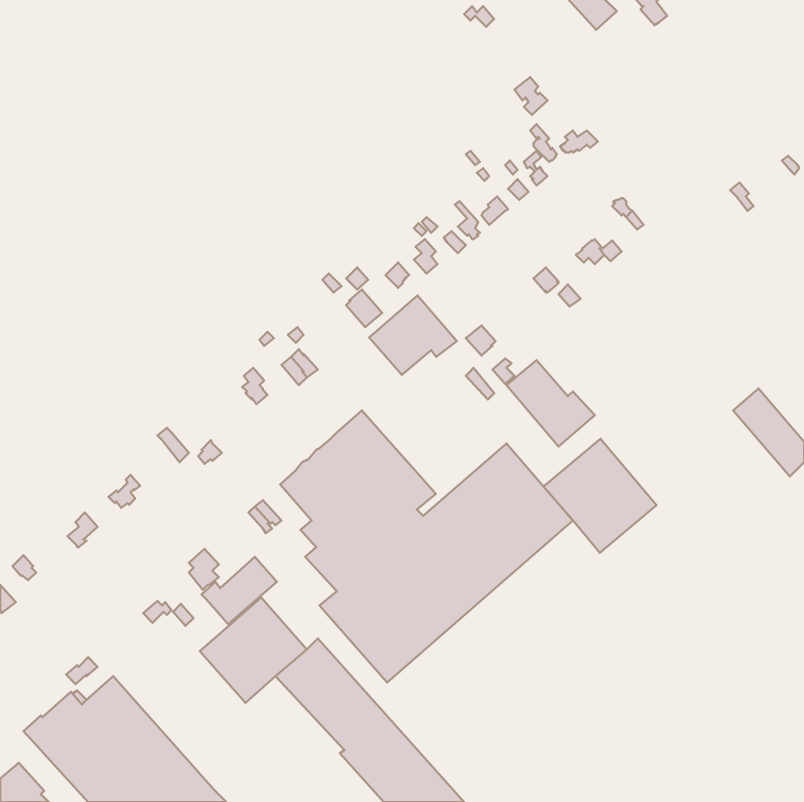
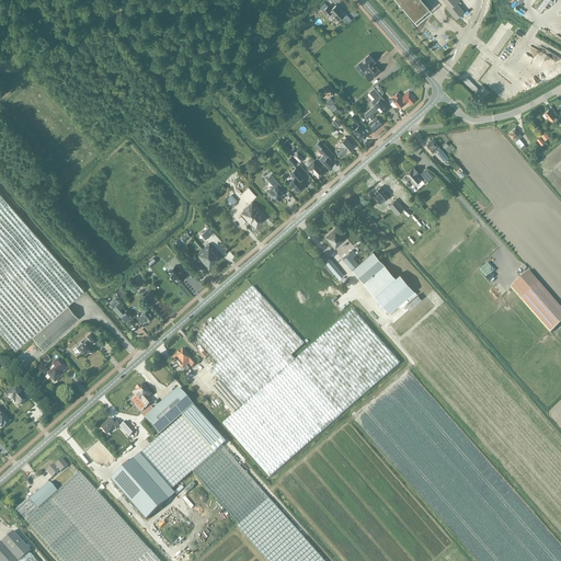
building: [369,295,457,375] -> none
building: [544,439,657,553] -> none
building: none -> [181,405,225,453]
building: none -> [111,454,174,519]

